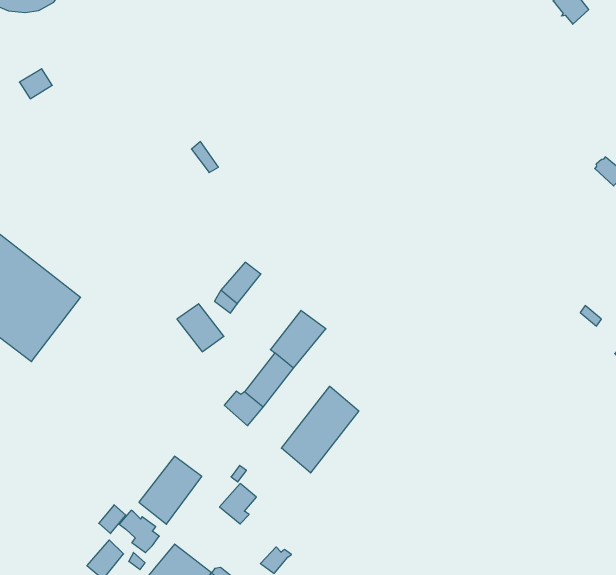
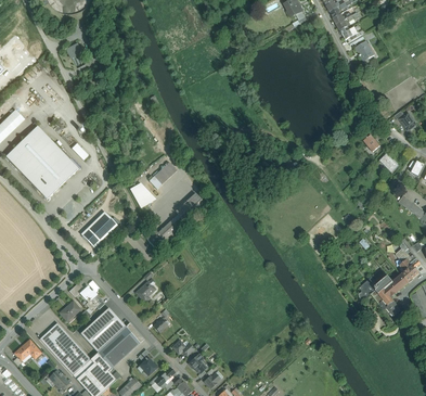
building: [281,386,359,473] -> none
building: [139,456,202,524] -> [81,212,117,247]

